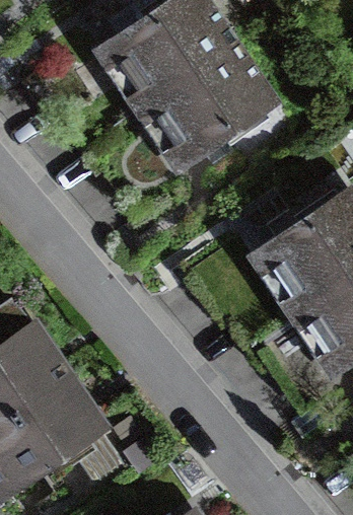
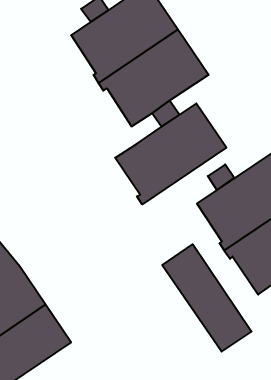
building: none -> [115,103,226,204]
building: none -> [162,244,252,352]

